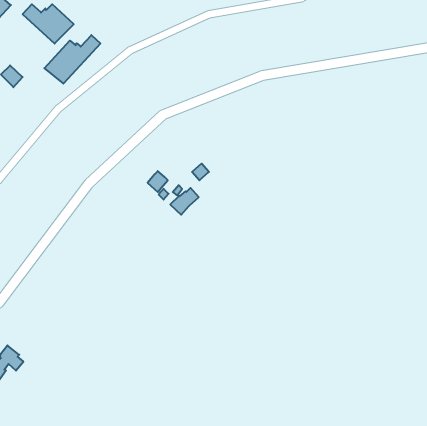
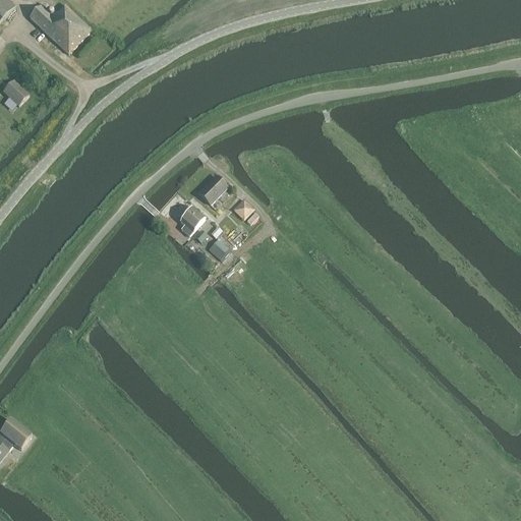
building: [44,35,100,84] -> none
building: none -> [196,176,227,206]

